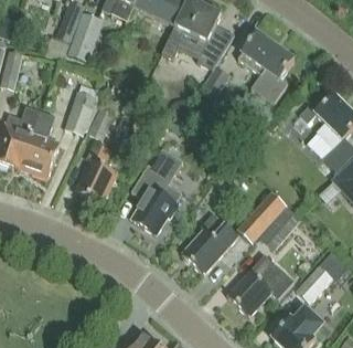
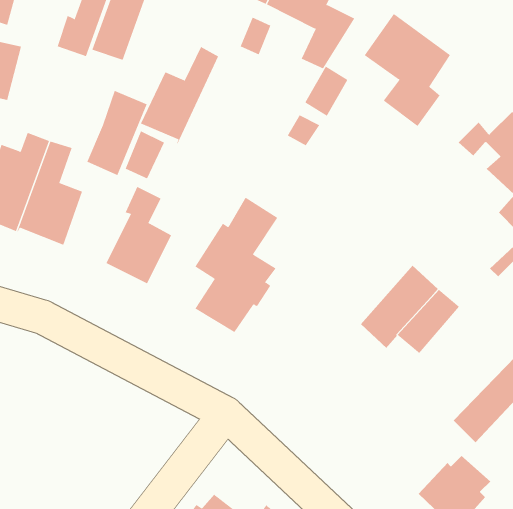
building: none -> [140,46,219,145]
building: [182,212,238,273] -> none
building: [228,254,291,315] -> none

